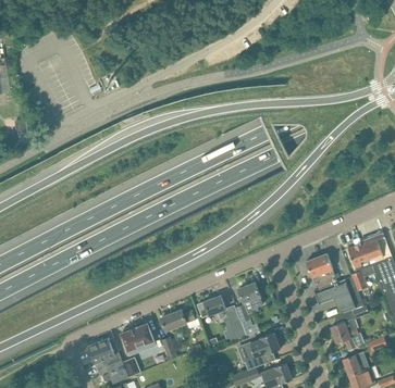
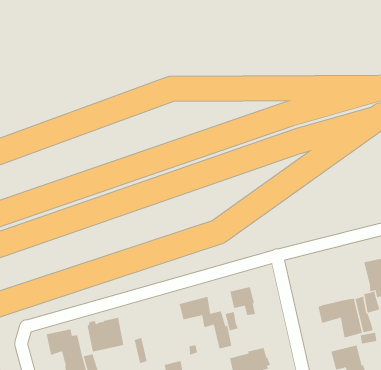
building: [305,253,336,289] -> none
building: [160,310,200,329] -> none

